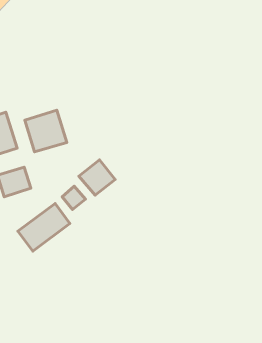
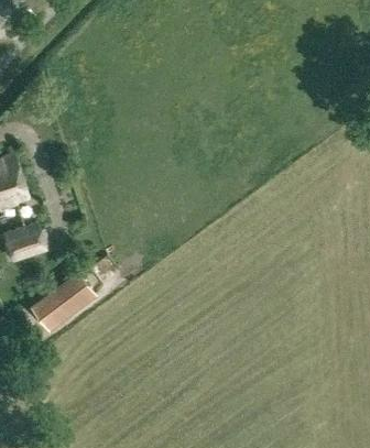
building: [25,110,67,152] -> none
building: [79,160,115,195] -> none

